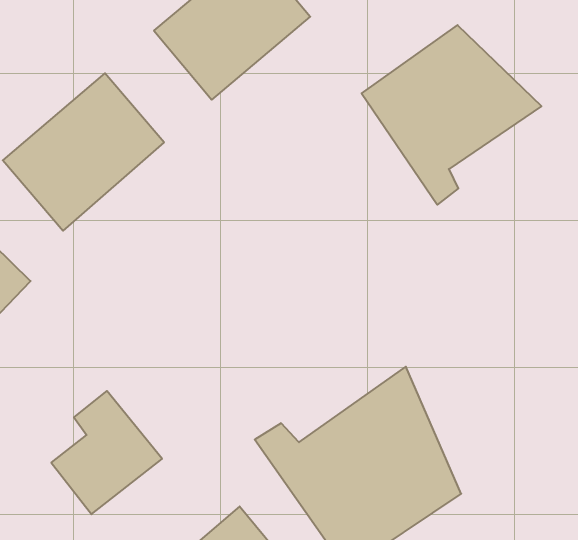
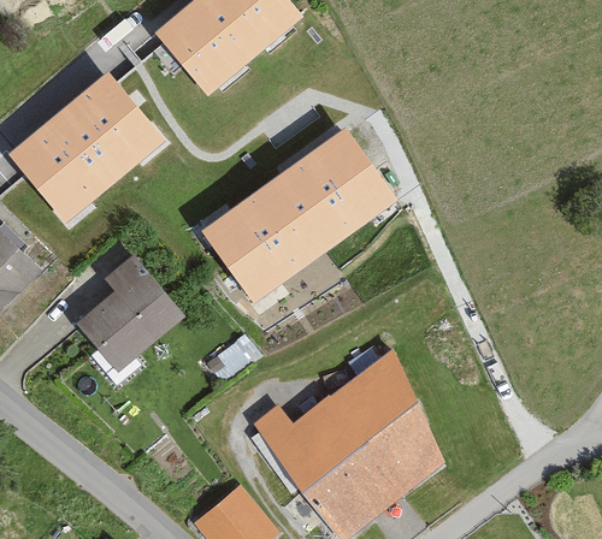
building: [362,25,541,205] -> none
building: none -> [202,126,397,301]
building: [51,391,162,514] -> [78,250,184,368]

